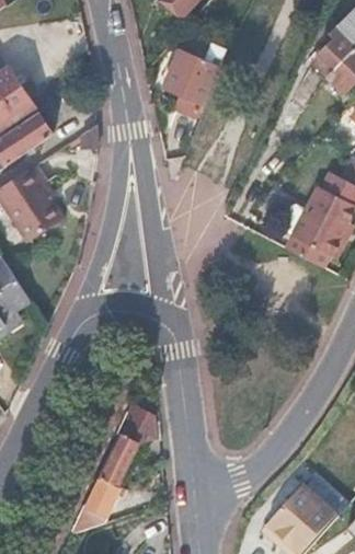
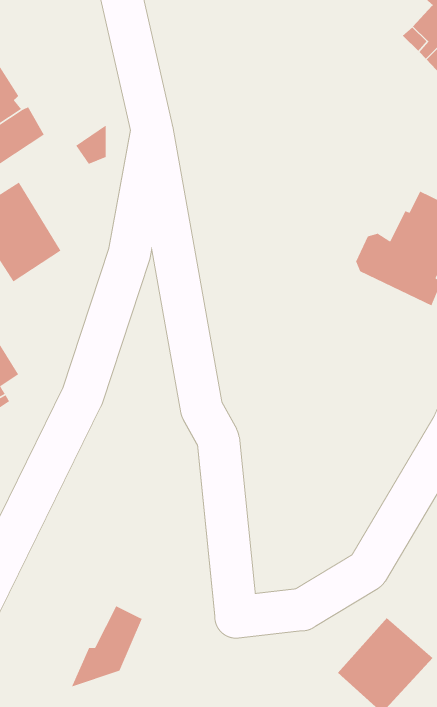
building: [164,45,227,118] -> none
building: [104,409,156,482] -> none

